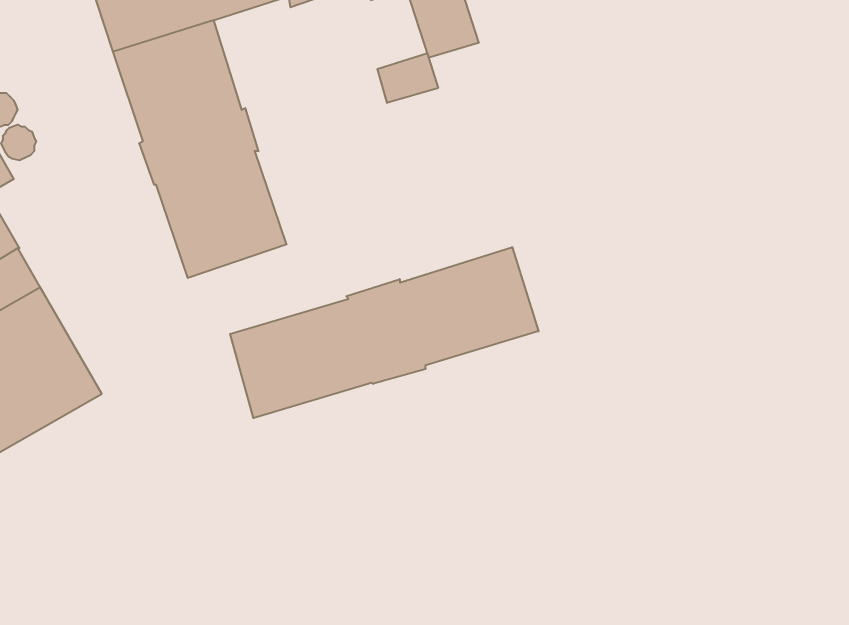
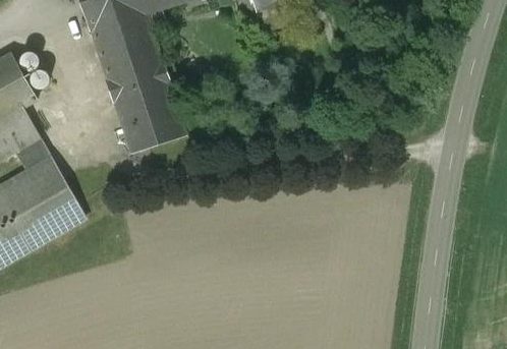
building: [377,53,438,103] -> none
building: [230,247,539,418] -> none

